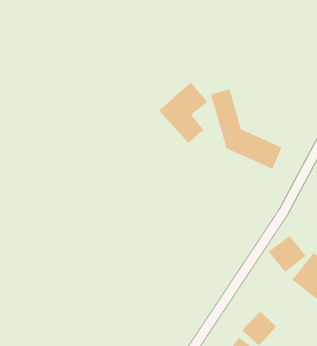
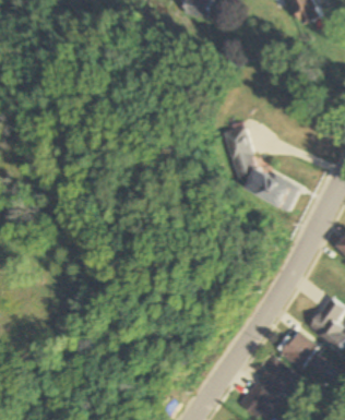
building: [159,82,208,144] -> none
building: [268,235,307,273] -> [278,328,319,368]

